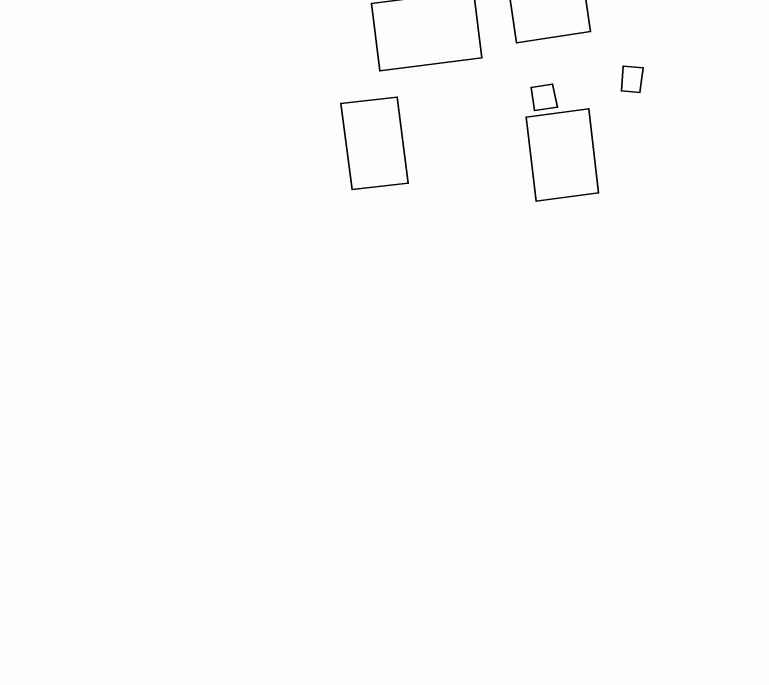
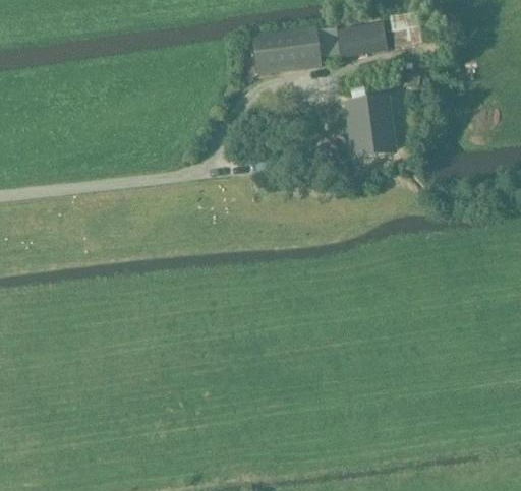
building: [341,97,408,189] -> none

